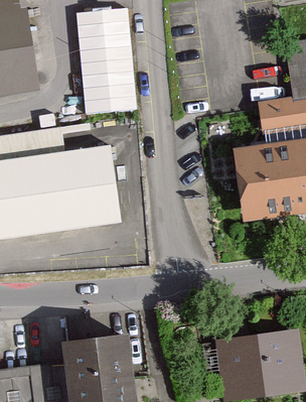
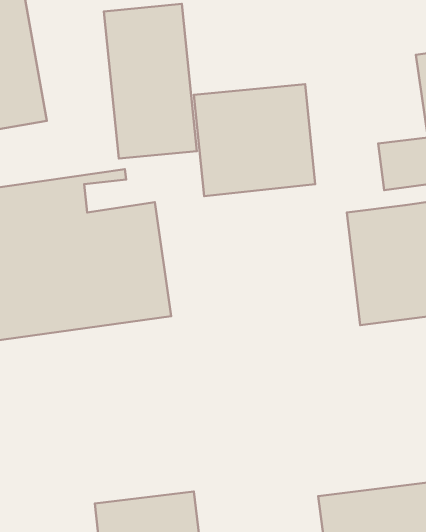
building: none -> [194,84,315,196]

